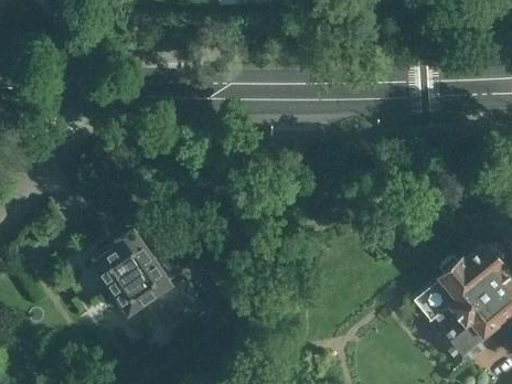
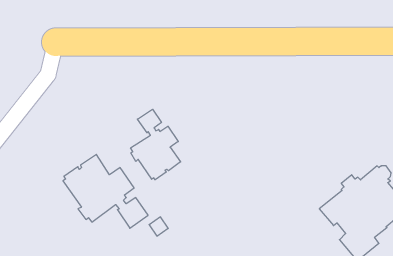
building: none -> [131,109,181,180]

